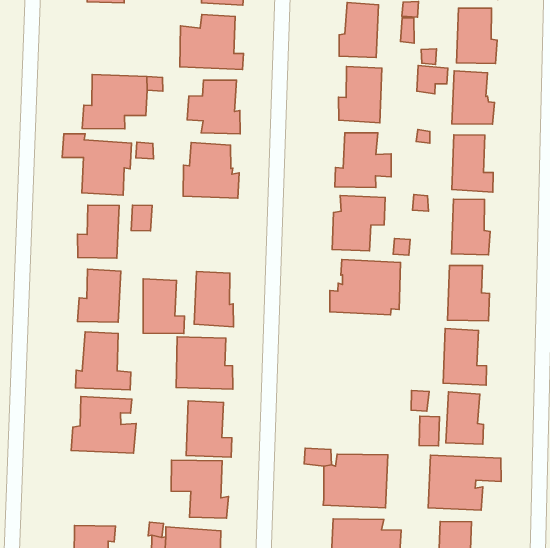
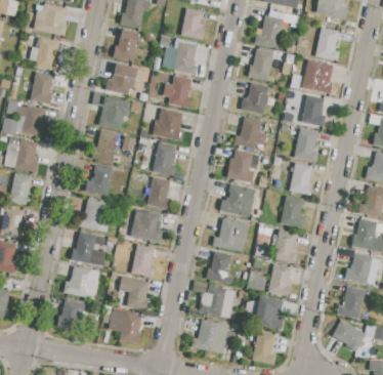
building: none -> [113,30,138,59]
building: [143,279,185,334] -> [153,142,176,175]
building: none -> [214,218,248,251]
building: none -> [205,252,233,284]
building: none -> [63,265,98,297]

